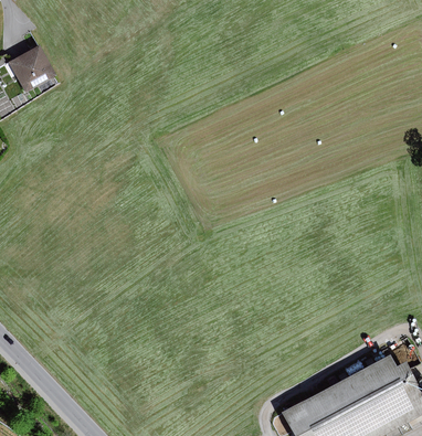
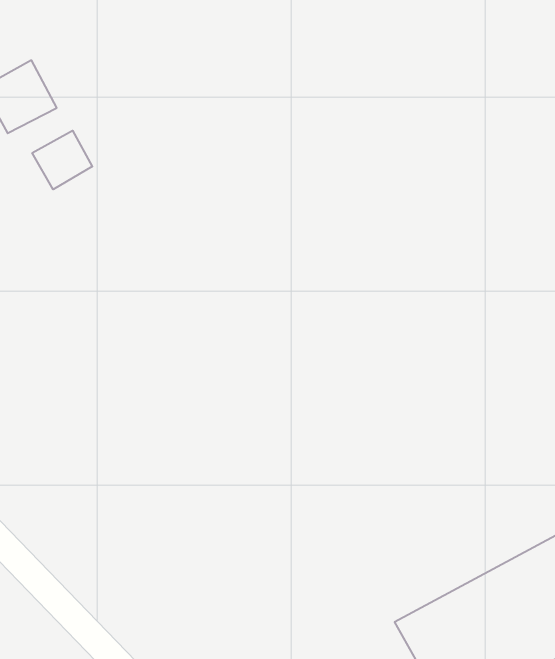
building: none -> [32,131,92,189]

